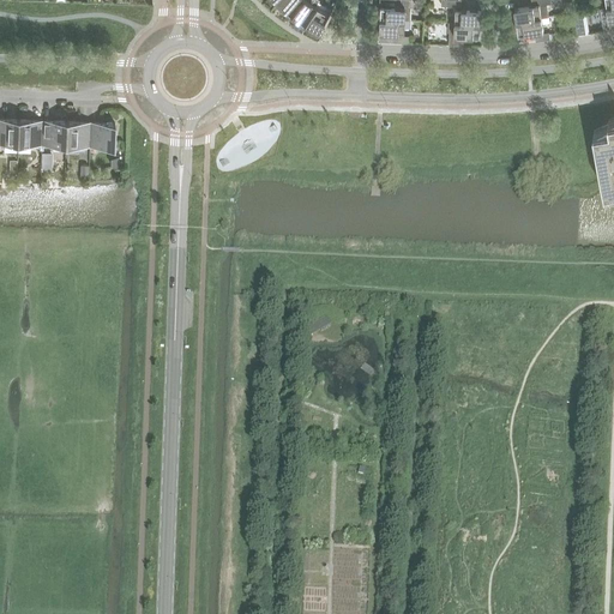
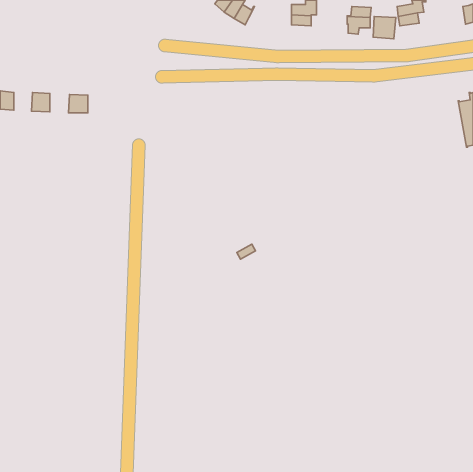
building: none -> [373,17,396,39]
building: [18,121,42,145] -> none
building: [65,122,90,148] -> none

